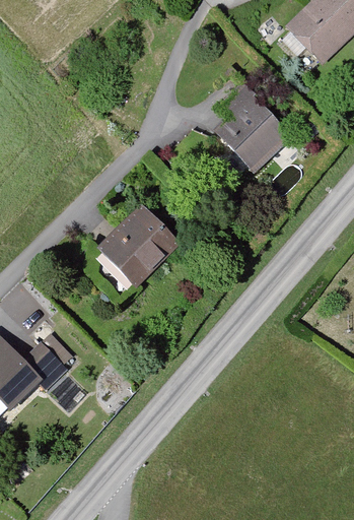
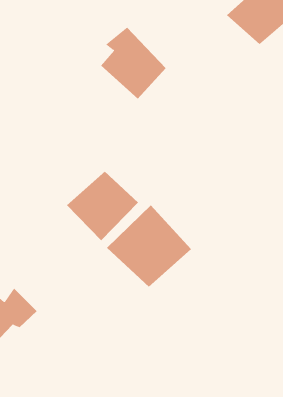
building: [210,87,287,172] -> [100,27,167,100]
building: none -> [106,205,192,287]

